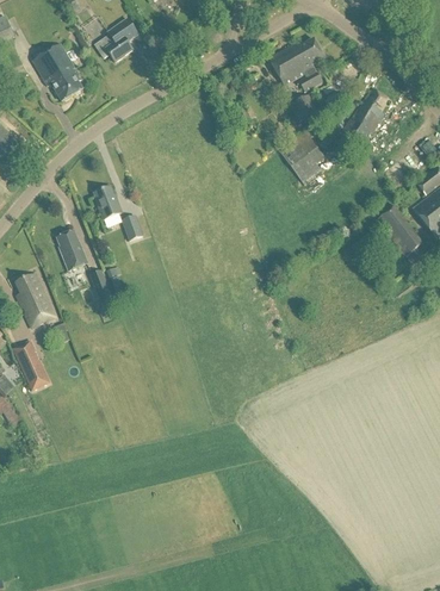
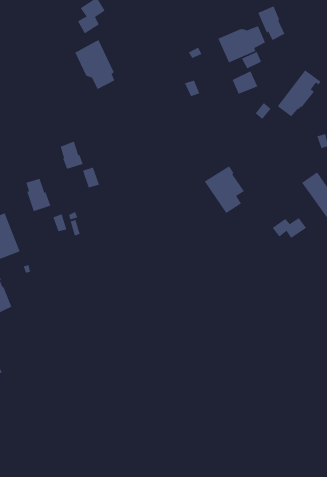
building: none -> [257,5,285,41]
building: [33,42,82,100] -> [74,39,115,90]
building: [278,129,326,185] -> [204,166,245,214]
building: none -> [272,217,307,239]

